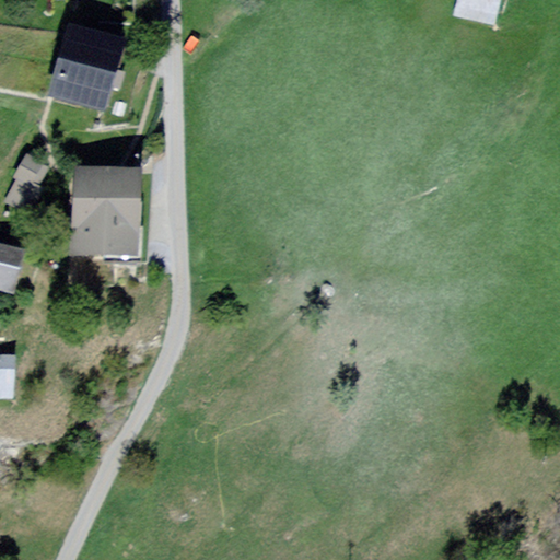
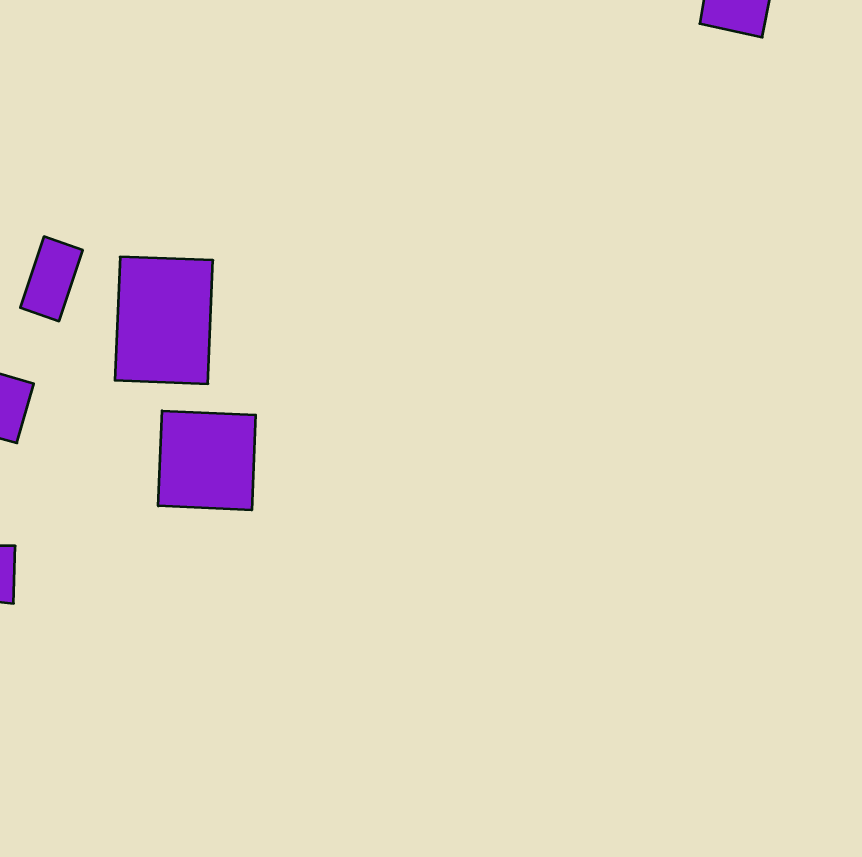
building: [48,24,124,113] -> none
building: none -> [158,411,256,510]

